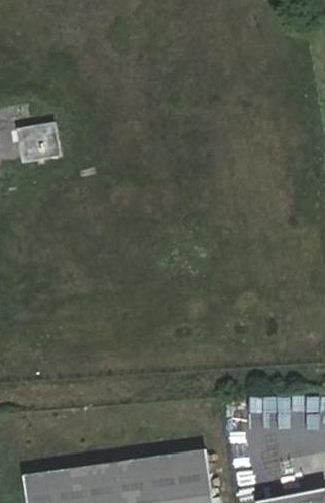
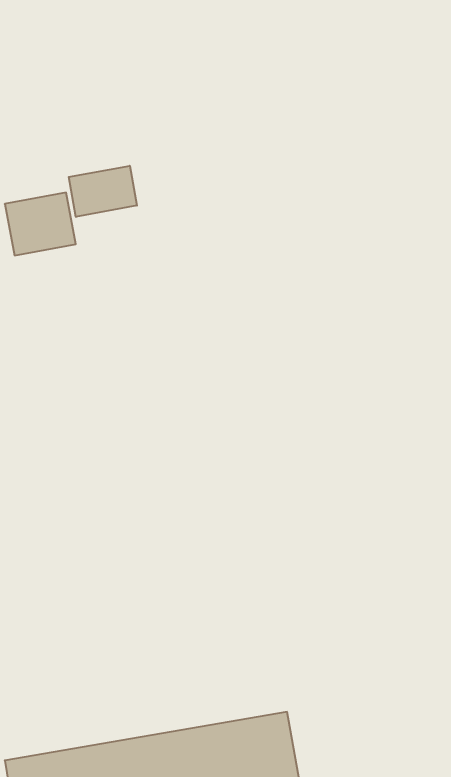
building: none -> [69,166,137,217]

